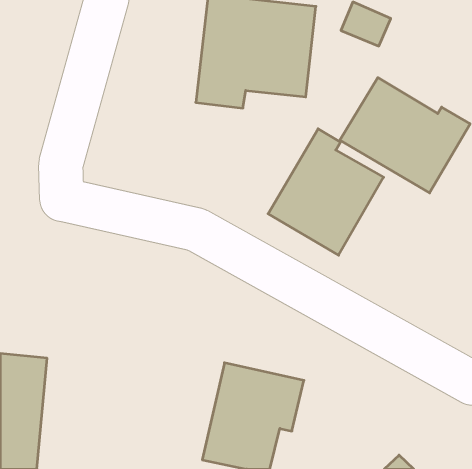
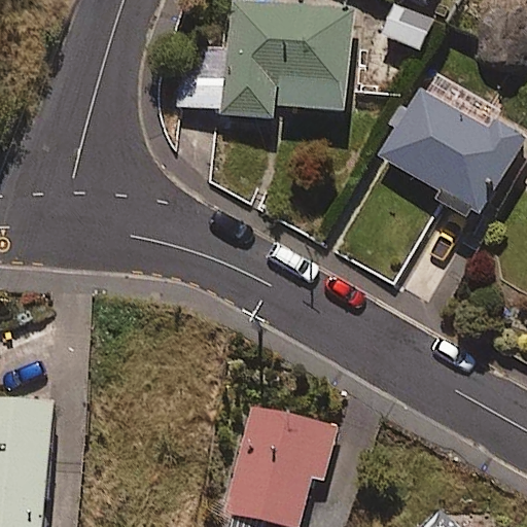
building: [268,129,384,255] -> none

